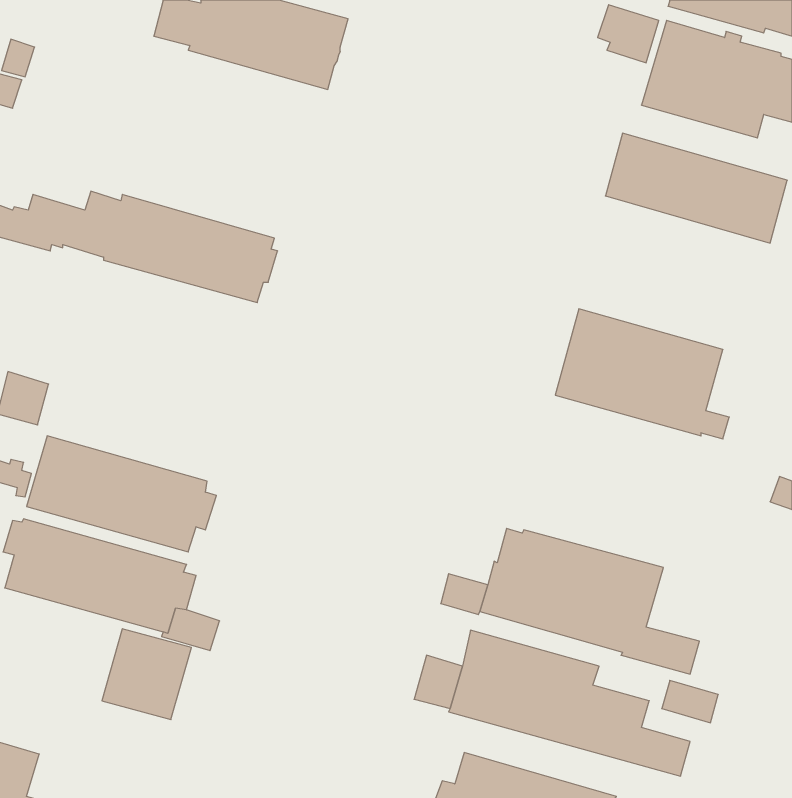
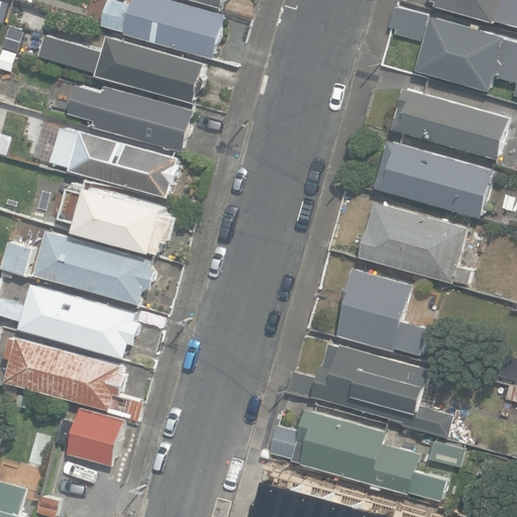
building: none -> [36,34,202,102]
building: none -> [68,85,191,151]
building: none -> [373,139,492,218]
building: none -> [73,184,176,252]
building: none -> [33,229,156,303]
building: none -> [334,267,426,355]

